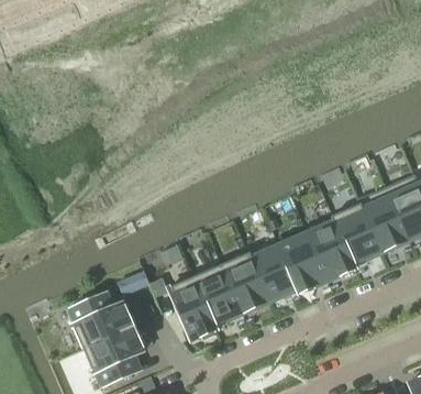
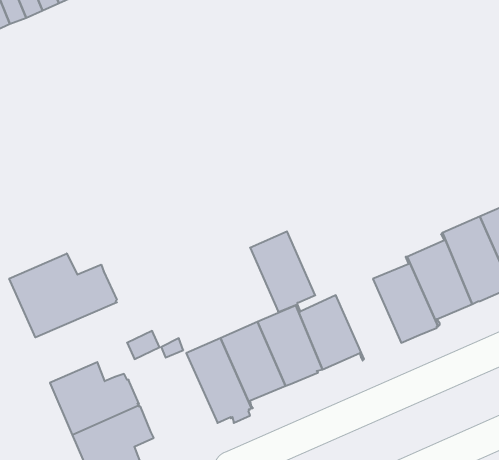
building: none -> [9,253,117,337]
building: [279,233,328,293] -> [250,231,315,312]

